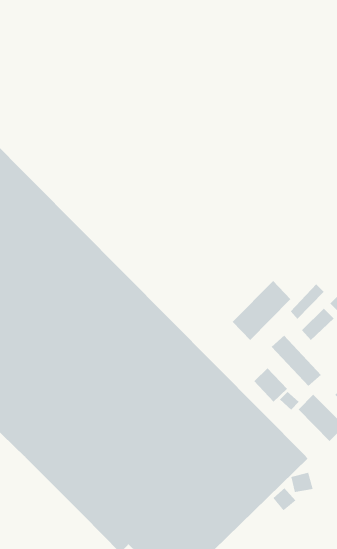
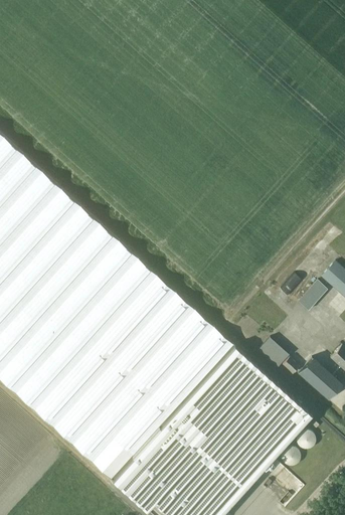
building: [232,280,291,341] -> none
building: [271,335,322,387] -> none

